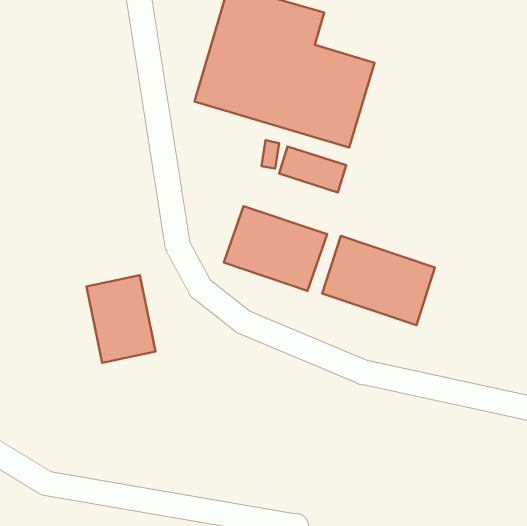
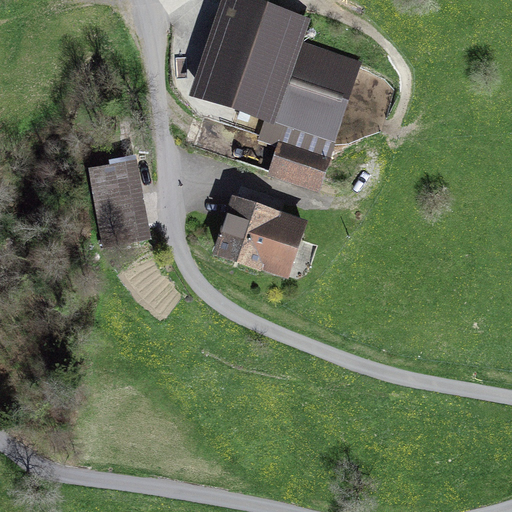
building: [322,236,435,325] -> none
building: [86,275,155,363] -> [88,163,154,247]

